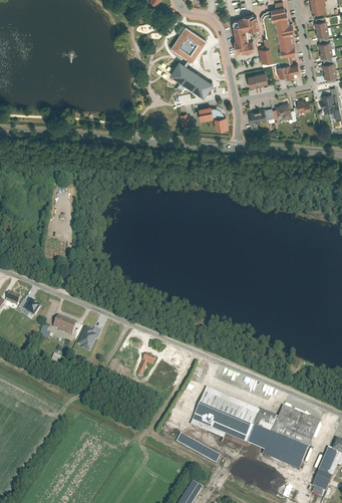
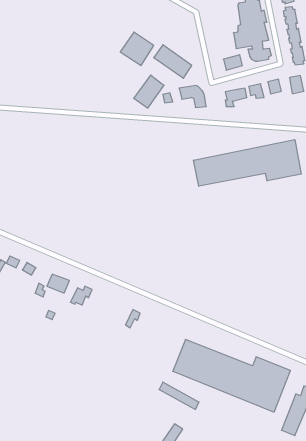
building: [232,15,259,54] -> none
building: [169,24,207,61] -> [120,32,154,66]
building: none -> [134,75,164,108]
building: none -> [194,140,301,186]

